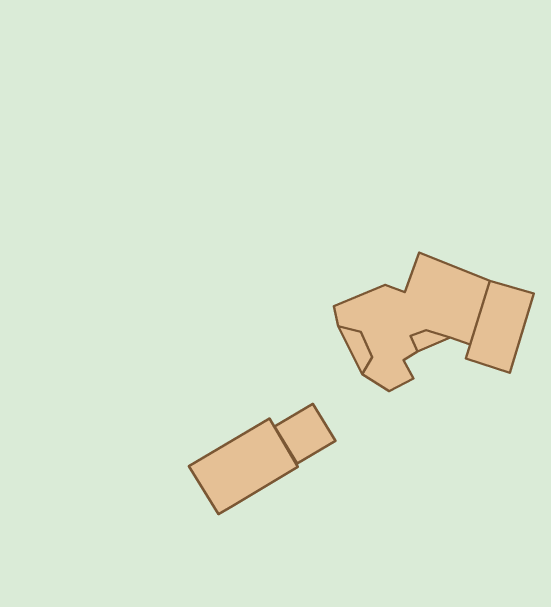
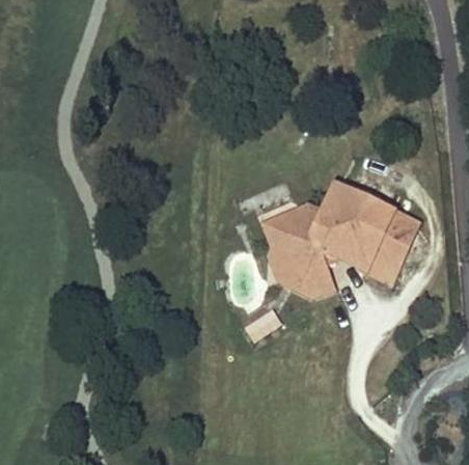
building: [189,418,298,514] -> none

